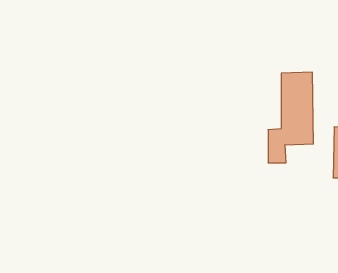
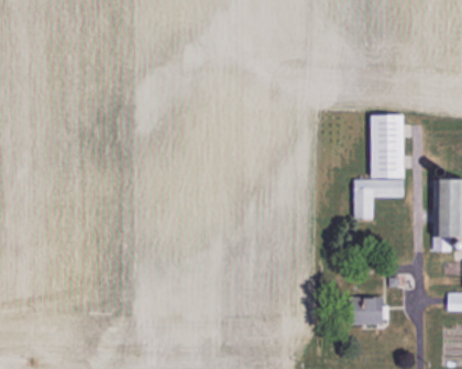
building: none -> [343,298,385,325]

